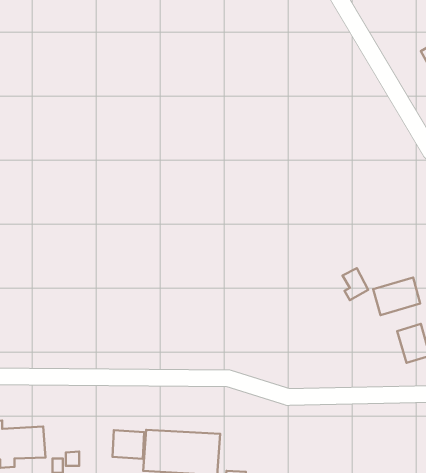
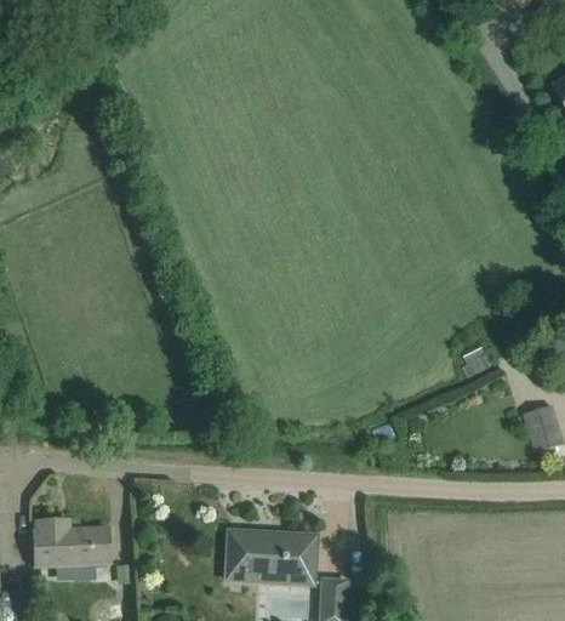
building: [373,278,420,315] -> none
building: [112,430,144,459] -> none

